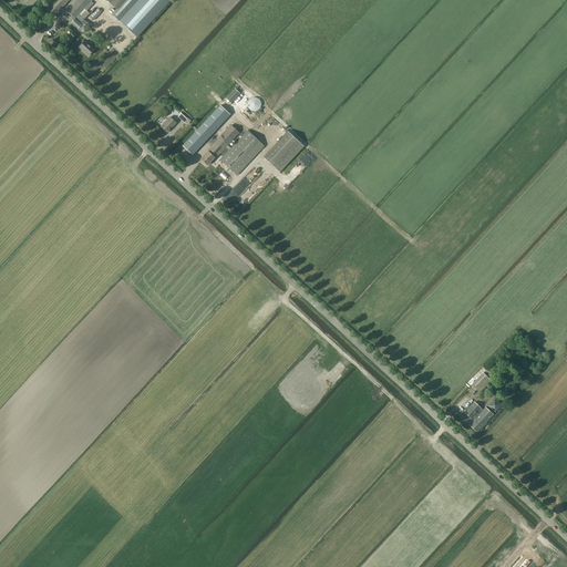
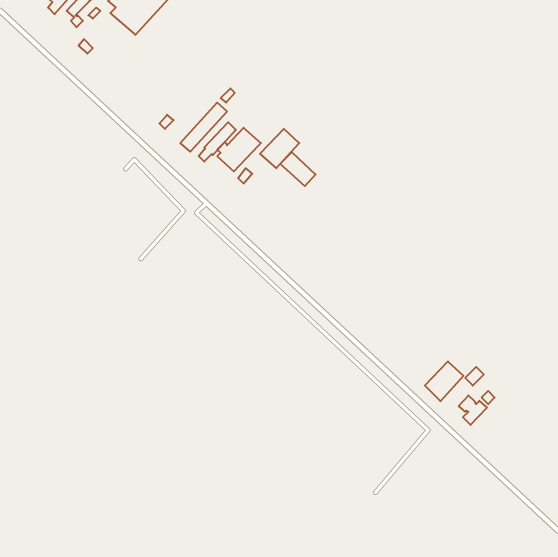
building: none -> [280,152,316,186]
building: none -> [425,361,463,401]

